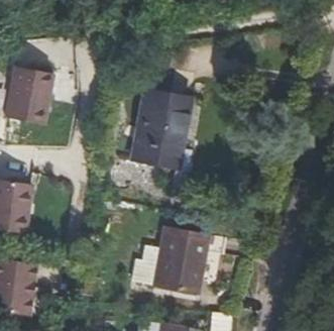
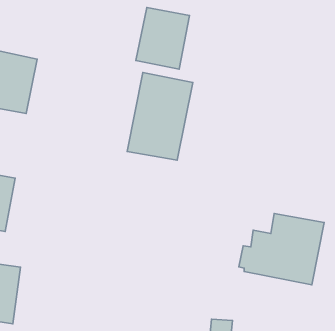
building: none -> [136,7,189,69]
building: [126,227,204,292] -> [239,214,324,285]

